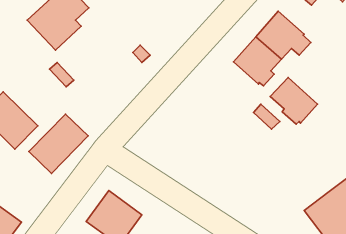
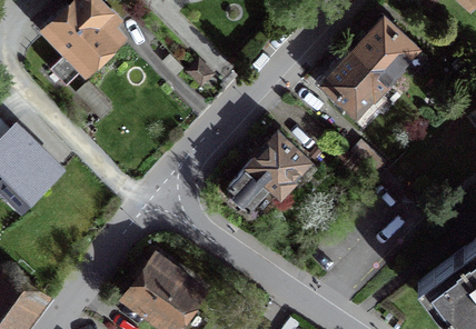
building: [270,77,318,124] -> none
building: none -> [228,132,308,212]
building: [29,114,88,174] -> none

